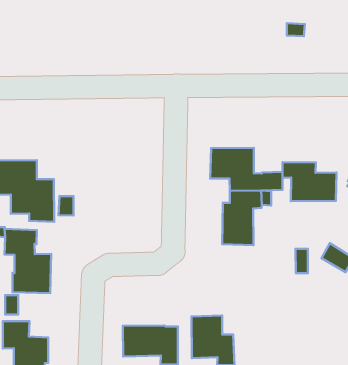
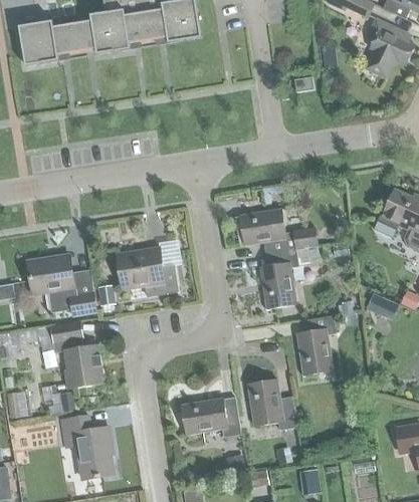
building: [282,162,337,201] -> none
building: none -> [119,247,178,296]
building: none -> [296,315,335,374]

